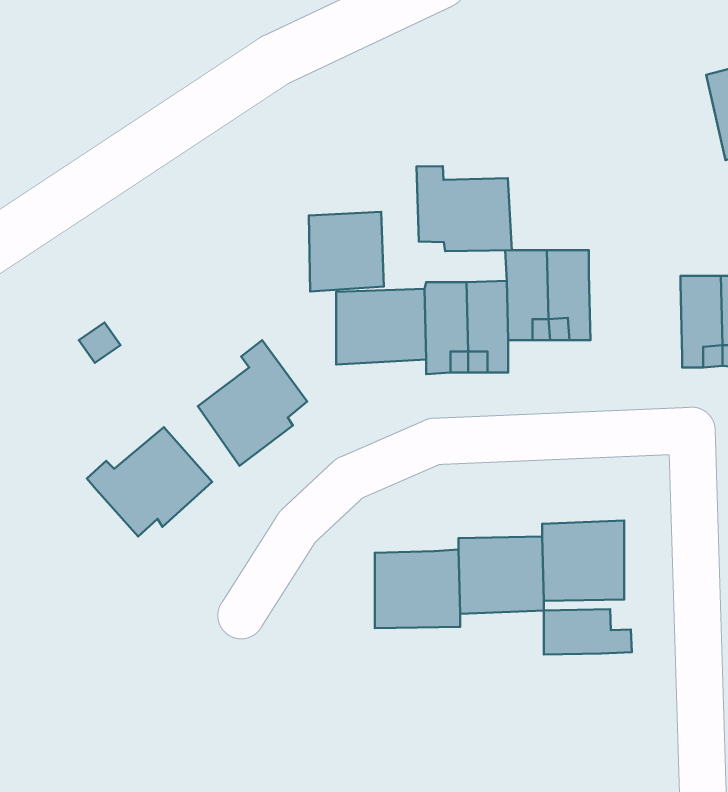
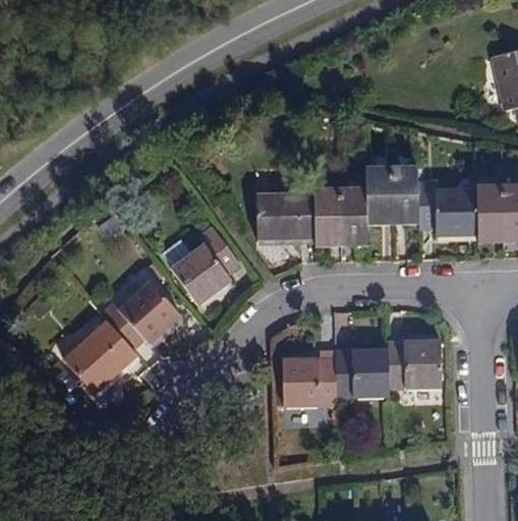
building: [416,166,512,251] -> none
building: [309,212,384,291] -> none
building: none -> [418,183,477,235]
building: none -> [64,320,136,391]
building: [544,609,632,655] -> none

